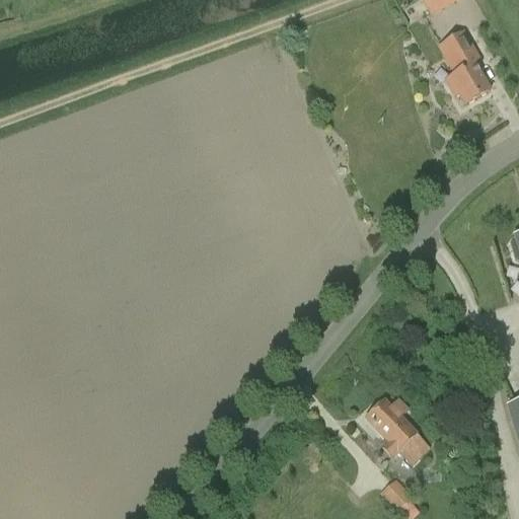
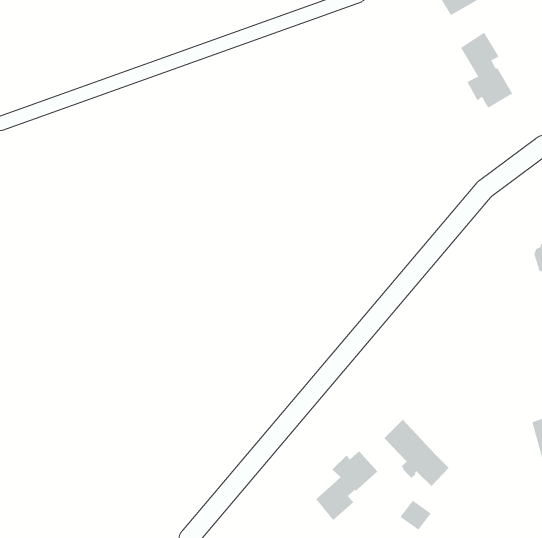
building: none -> [315,451,378,521]

